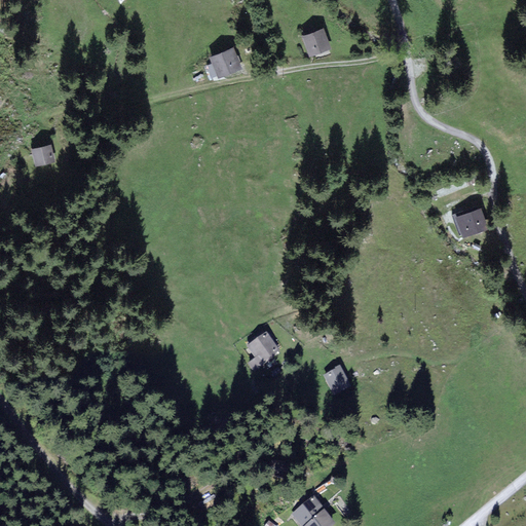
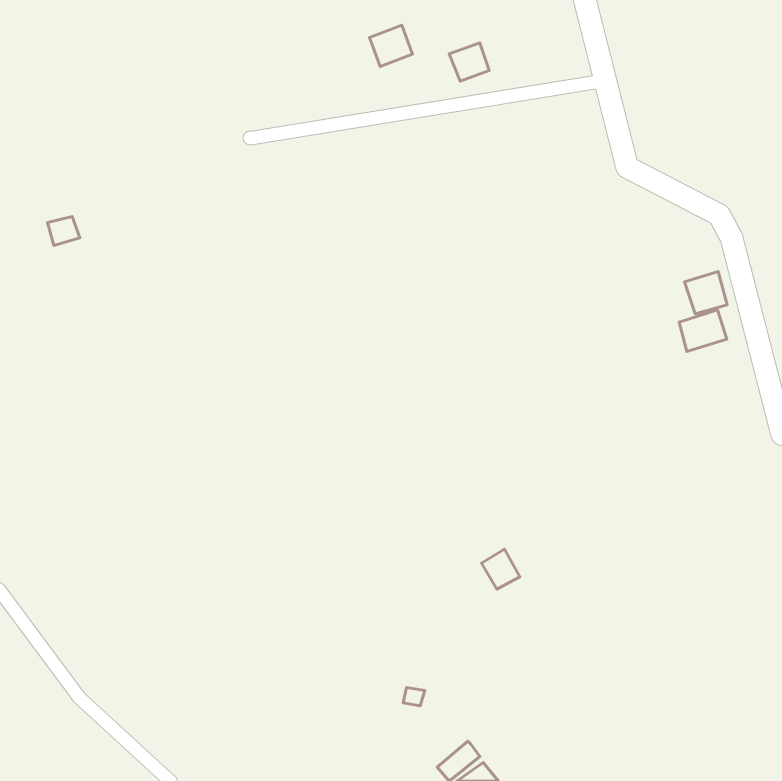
building: [210,48,238,76] -> [370,25,413,67]
building: none -> [685,271,727,314]
building: [248,334,279,371] -> none

